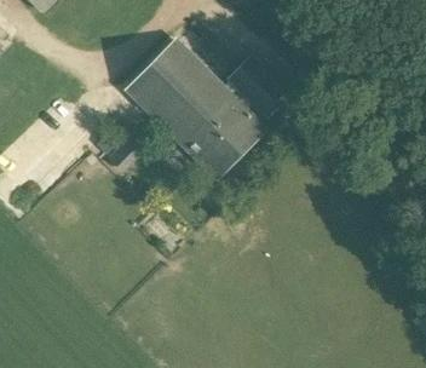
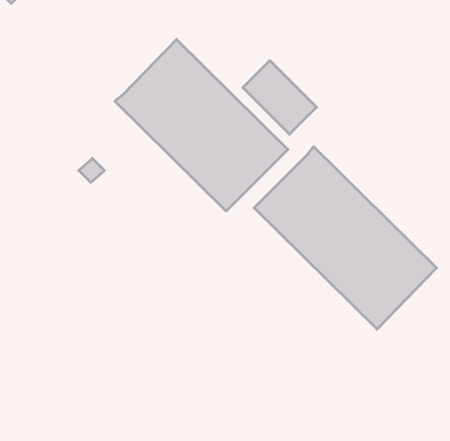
building: none -> [254,147,437,329]

